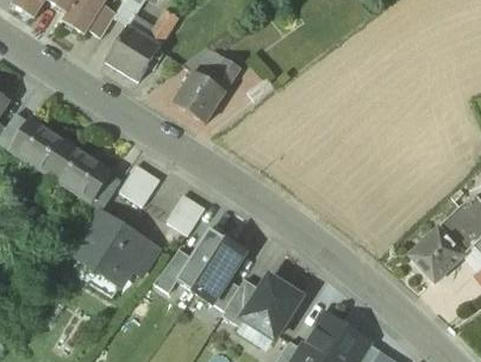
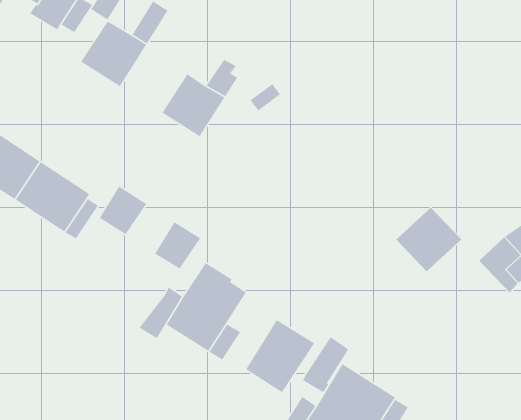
building: [73,211,157,283] -> none
building: [408,226,464,281] -> [395,207,462,272]
building: [221,277,261,325] -> [302,336,349,393]

